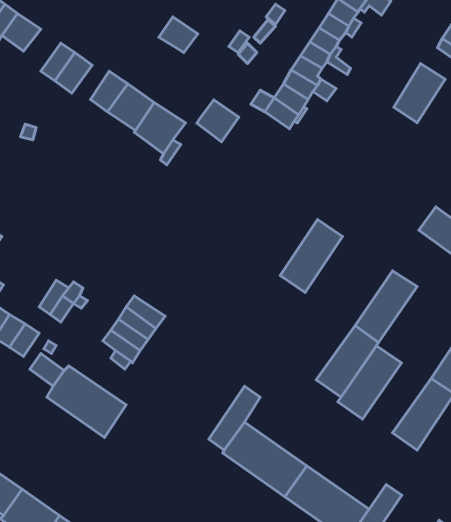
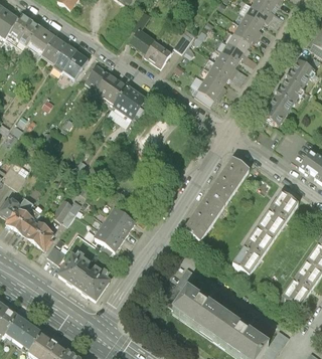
building: none -> [40,36,67,64]
building: [197,100,239,142] -> [145,39,172,66]
building: none -> [265,86,298,124]
building: [338,346,401,419] -> [184,195,225,242]

